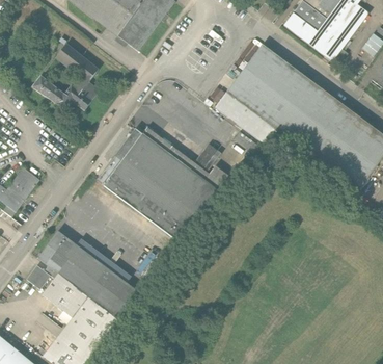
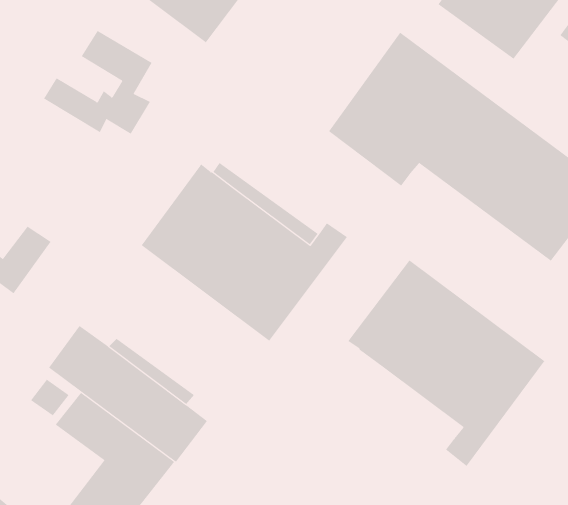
building: none -> [348,260,545,467]

